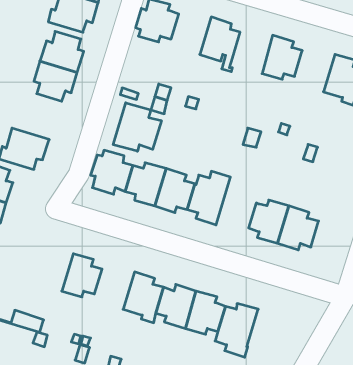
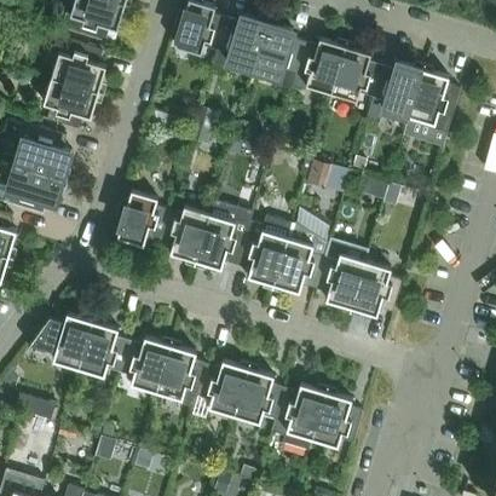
building: none -> [213,16,267,70]
building: none -> [290,39,345,94]
building: none -> [373,62,423,117]
building: none -> [16,123,70,178]
building: [113,103,161,151] -> none
building: none -> [273,223,331,293]
building: none -> [34,315,93,369]
building: none -> [120,338,171,392]
building: none -> [312,392,363,446]

